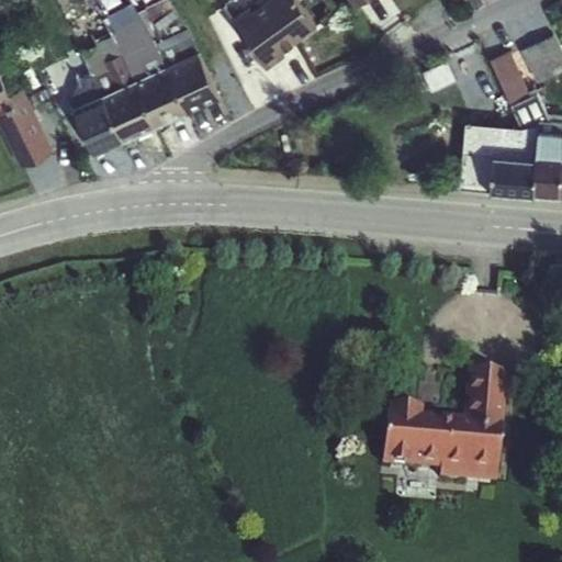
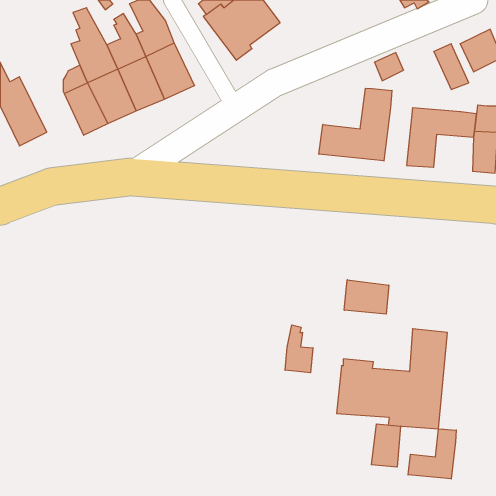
building: none -> [319,88,392,161]
building: [491,153,536,194] -> none
building: none -> [344,280,389,314]
building: none -> [285,325,313,373]
building: none -> [371,424,401,467]
building: none -> [408,429,456,479]

